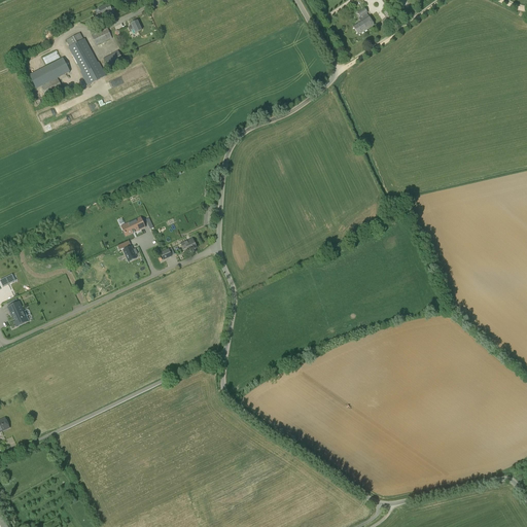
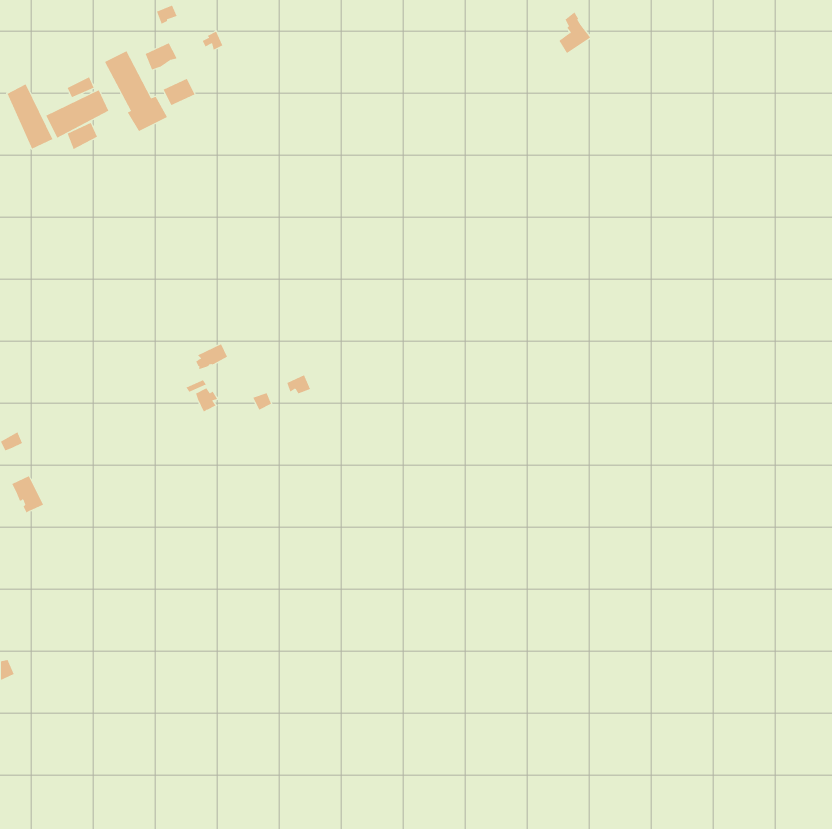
building: none -> [7,84,53,149]

